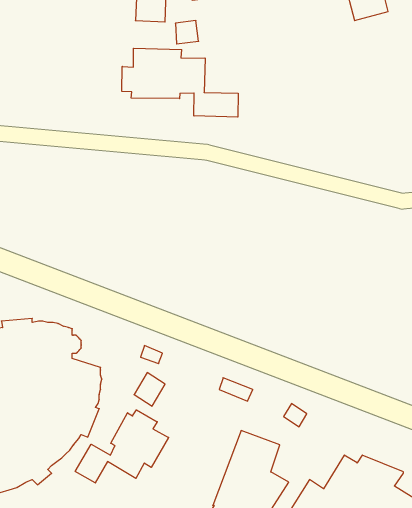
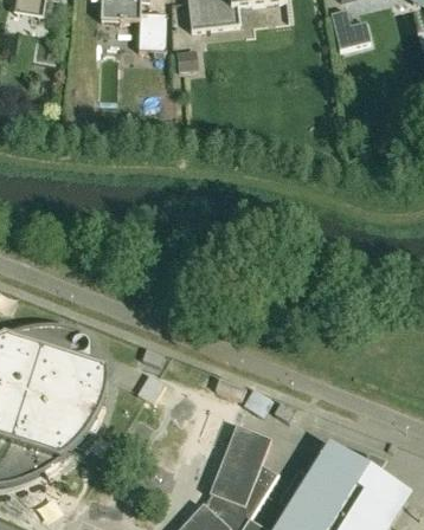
building: [122,48,238,117] -> none
building: [75,410,169,483] -> none

